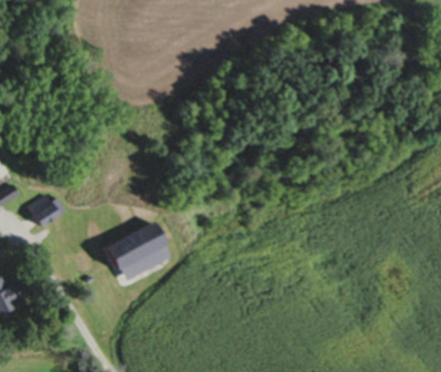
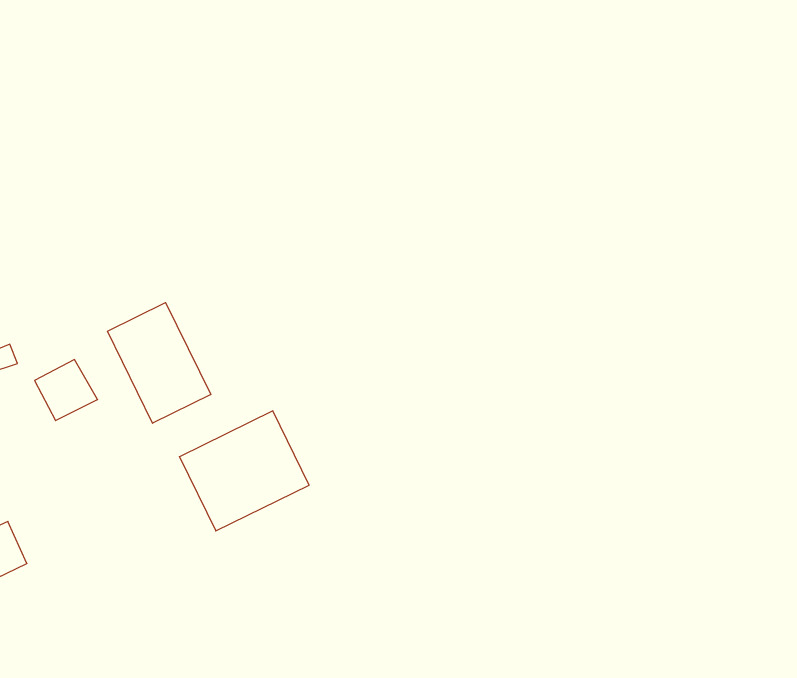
building: none -> [107,303,211,423]

